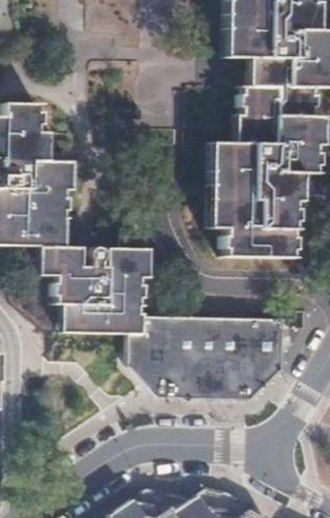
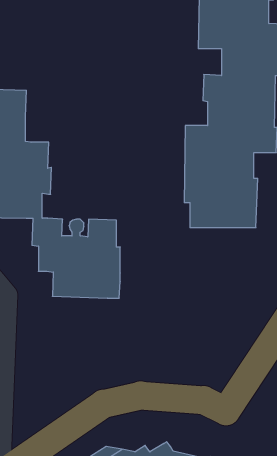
building: [133,316,289,399] -> none

